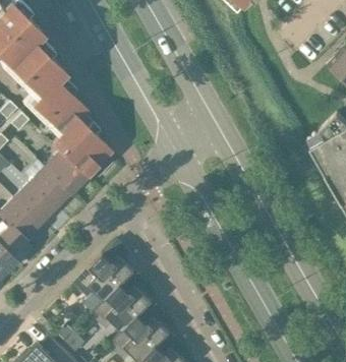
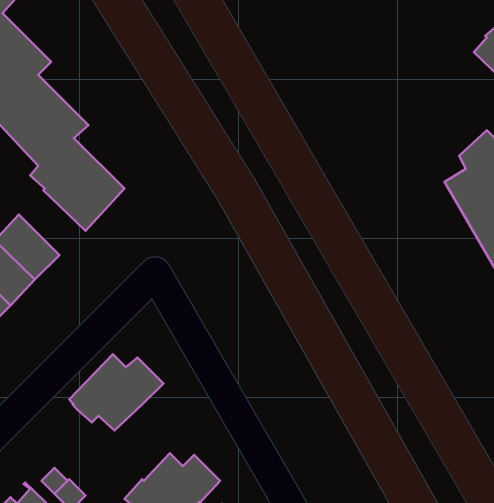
building: [44,153,85,193] -> none
building: [92,287,153,335] -> none

